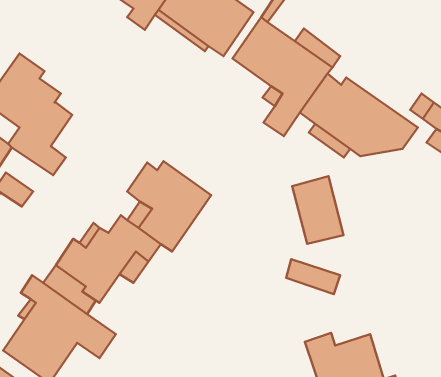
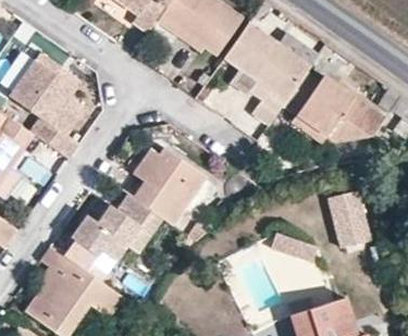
building: [292,176,343,244] -> [329,191,373,250]

